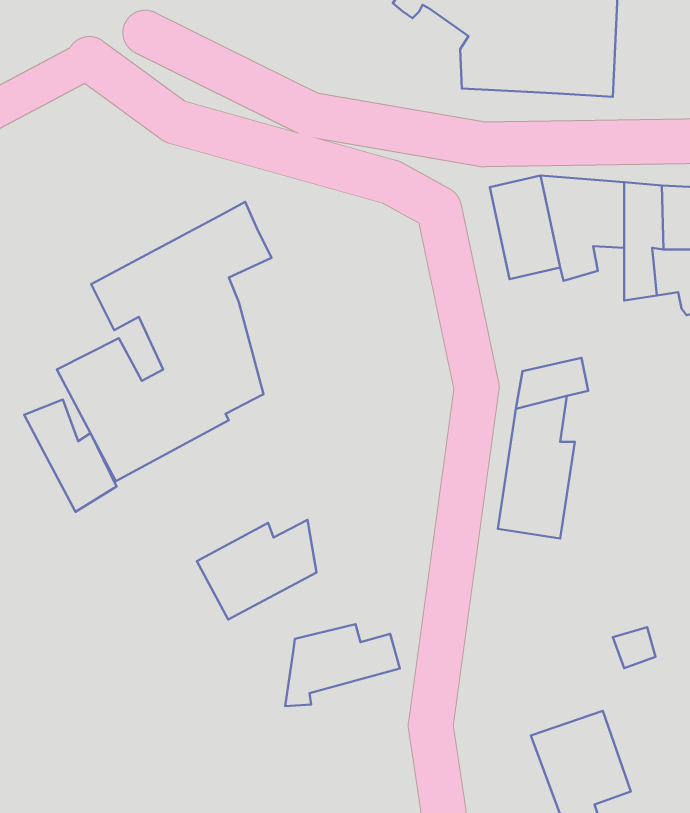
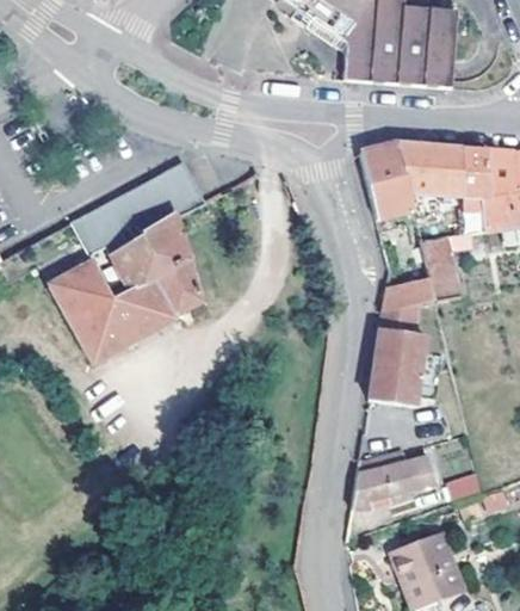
building: none -> [420,234,460,302]
building: [24,399,116,512] -> none
building: [197,520,316,619] -> none
building: [285,624,400,706] -> [352,448,435,507]

